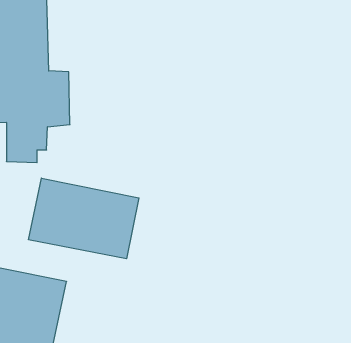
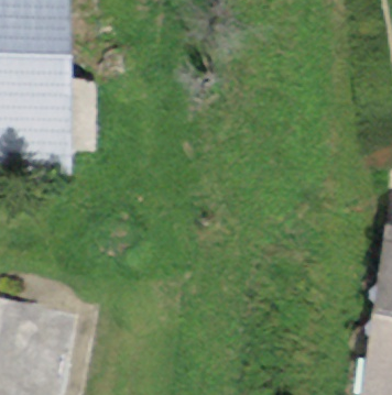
building: [29,178,139,259] -> none

